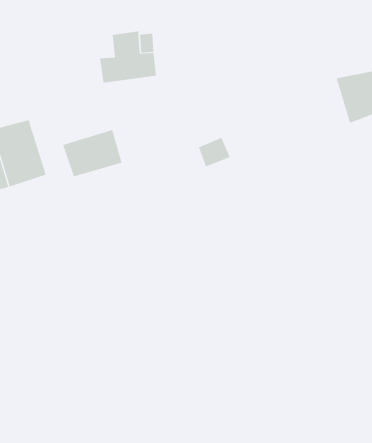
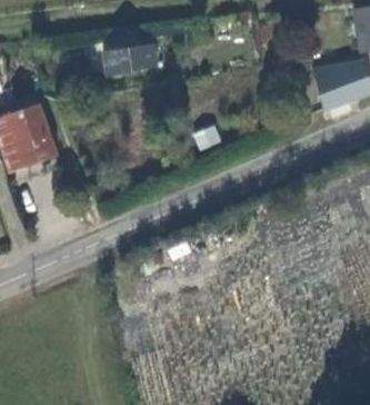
building: [62,129,122,177] -> none

